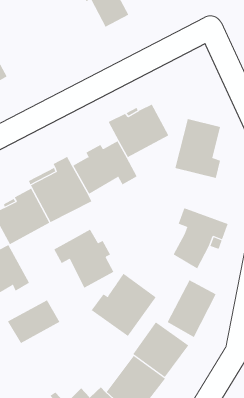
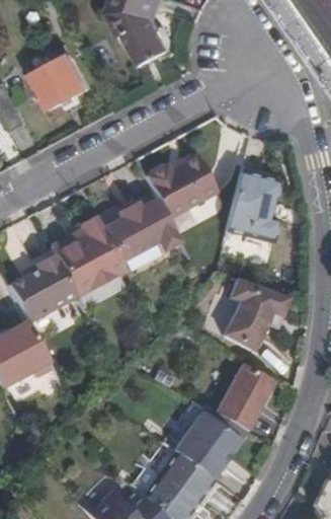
building: none -> [31,56,89,110]
building: [54,229,114,288] -> none
building: [91,273,157,337] -> none
building: [7,299,60,344] -> none

